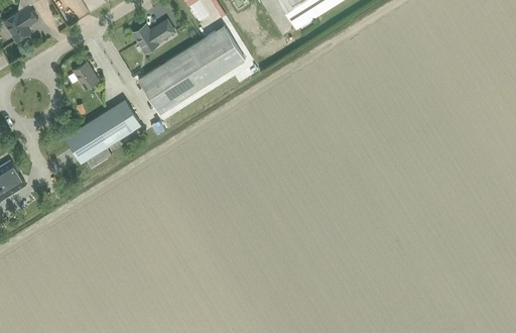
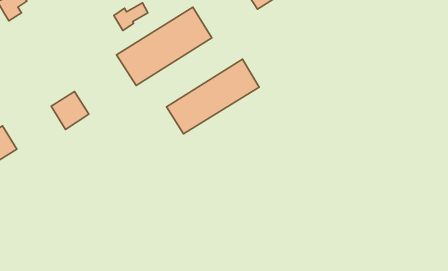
building: [73,63,99,91] -> none
building: none -> [166,59,259,134]
building: [91,100,141,147] -> none

